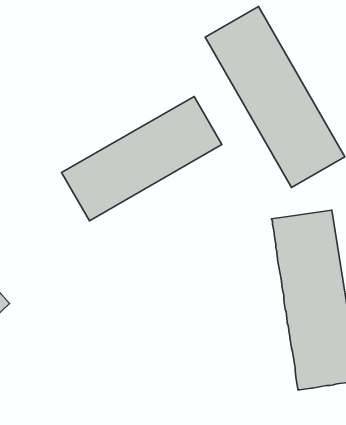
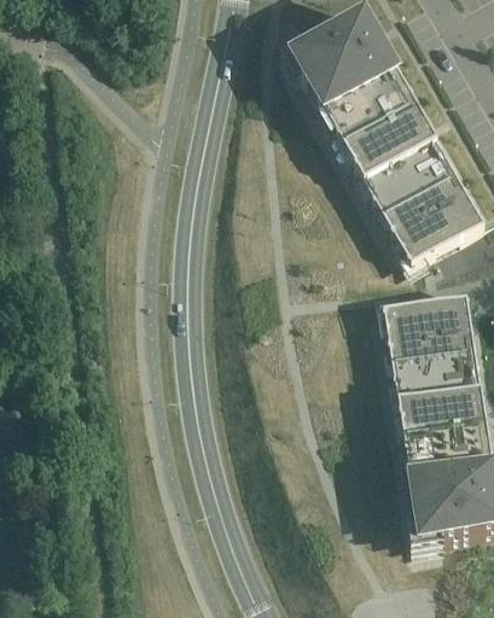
building: [62,96,222,221] -> none

